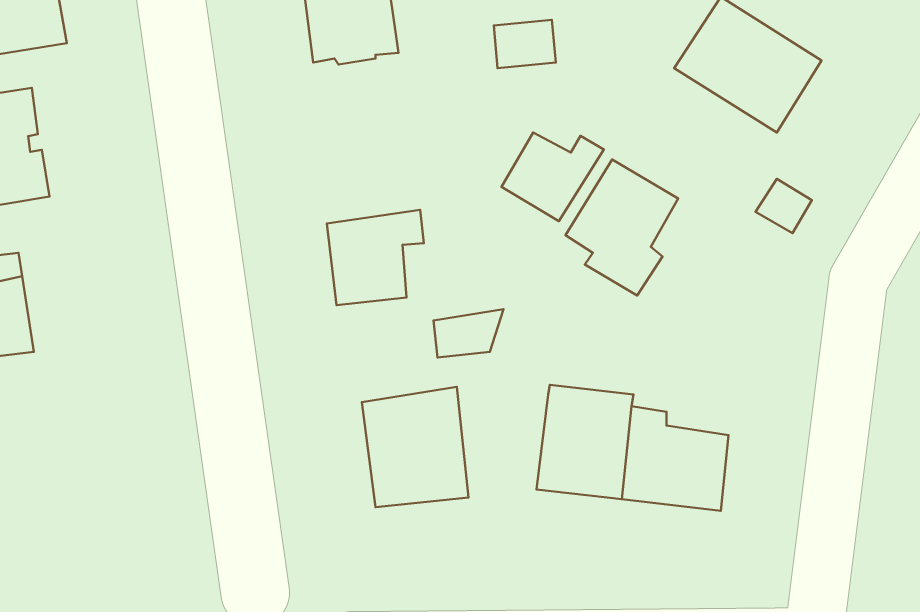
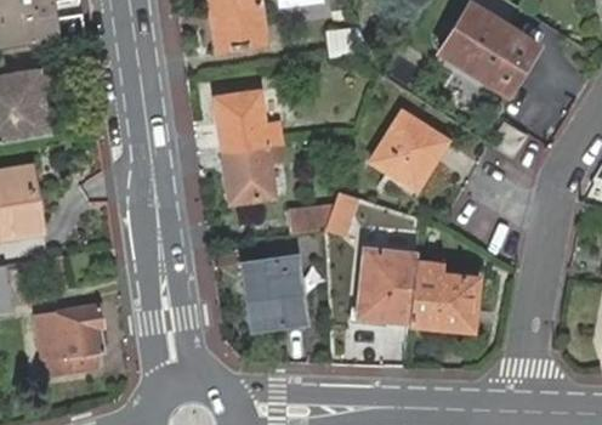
building: none -> [216,92,282,151]
building: [501,133,604,221] -> none
building: none -> [34,305,103,373]

